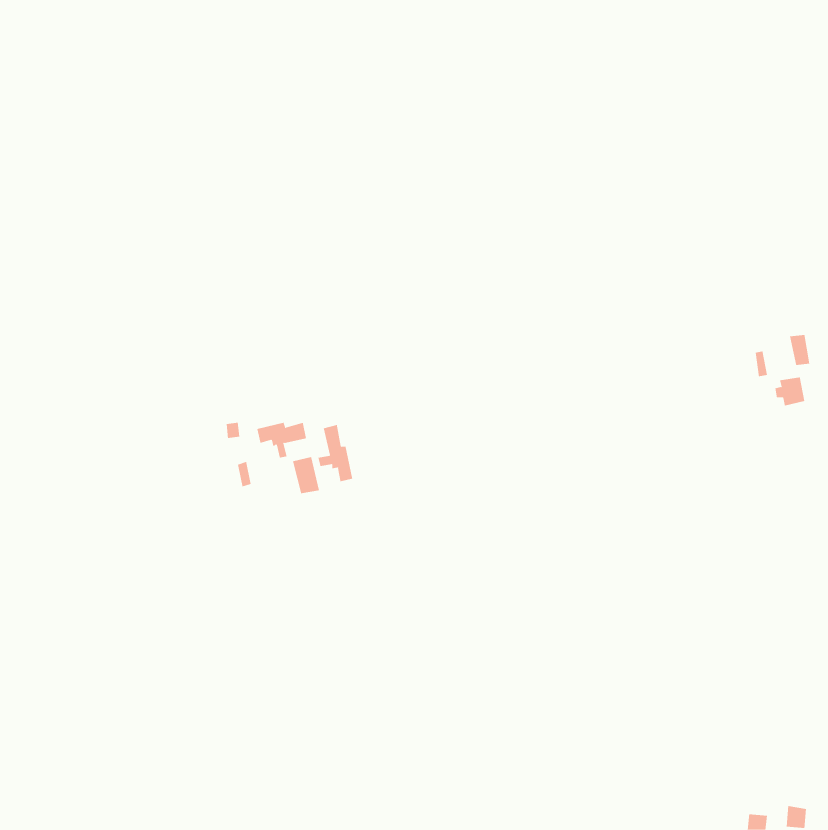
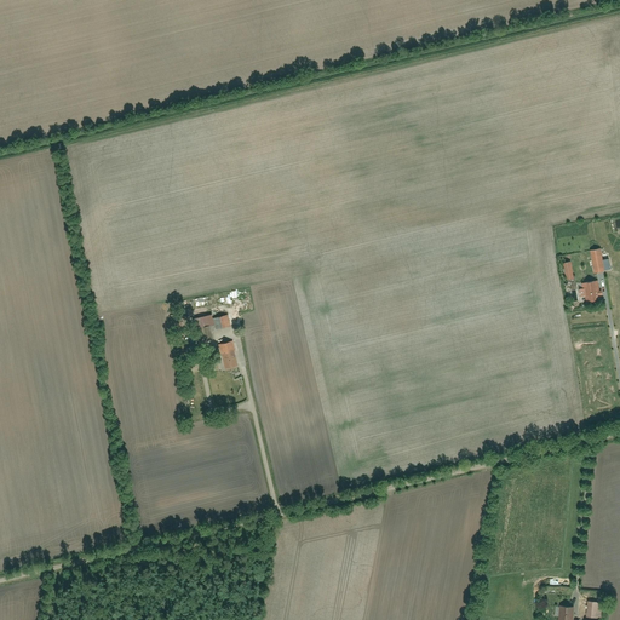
building: [318,424,353,482] -> none

